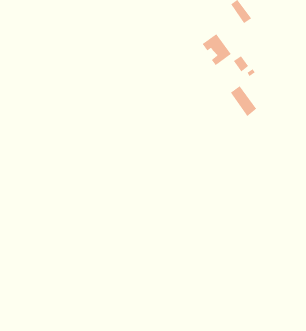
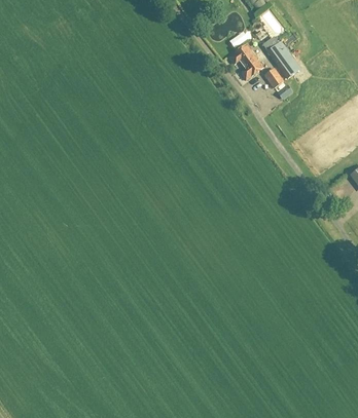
building: [230,85,257,117] -> [267,42,298,78]

